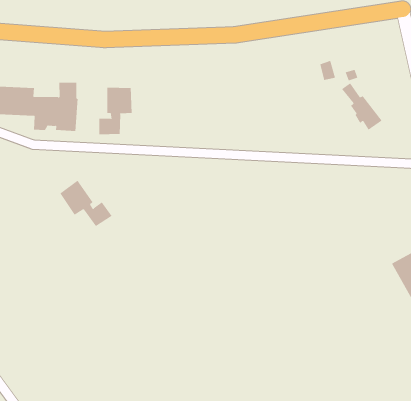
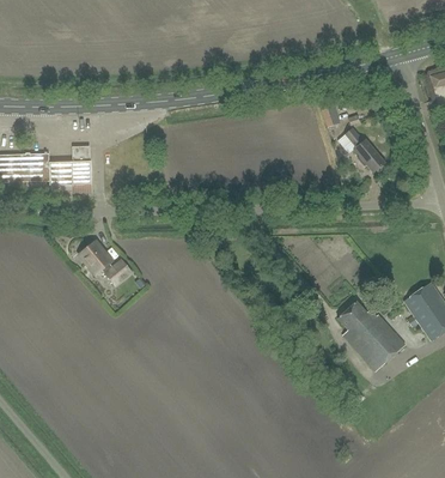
building: [99,87,132,135] -> none
building: none -> [337,302,406,371]

